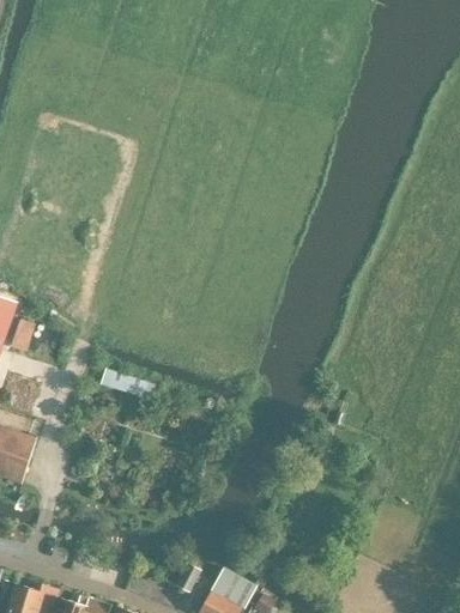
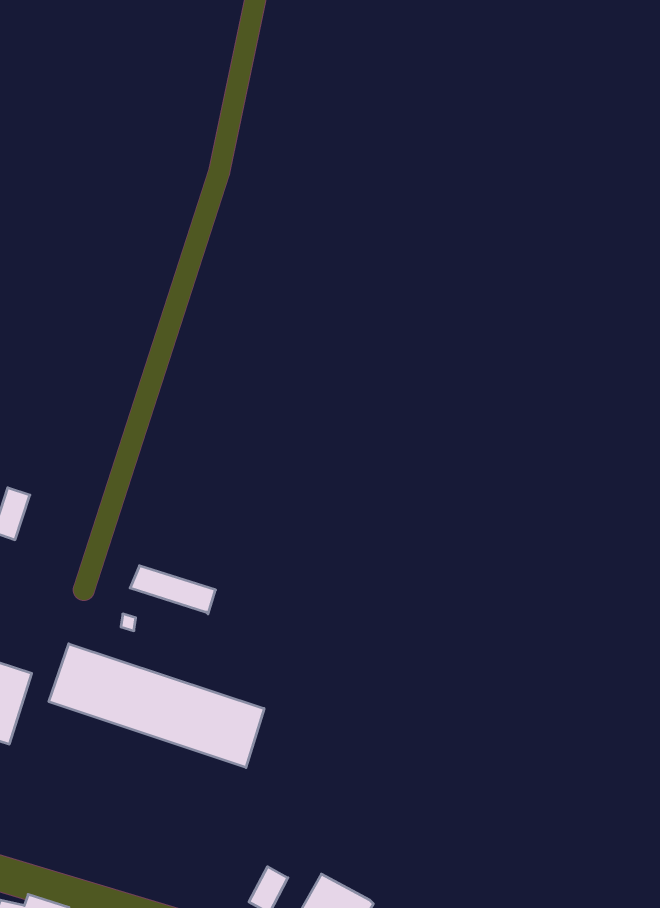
building: none -> [49,644,264,768]

